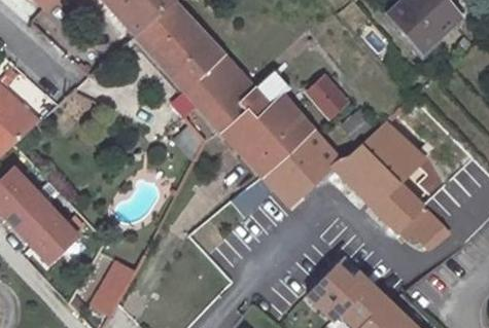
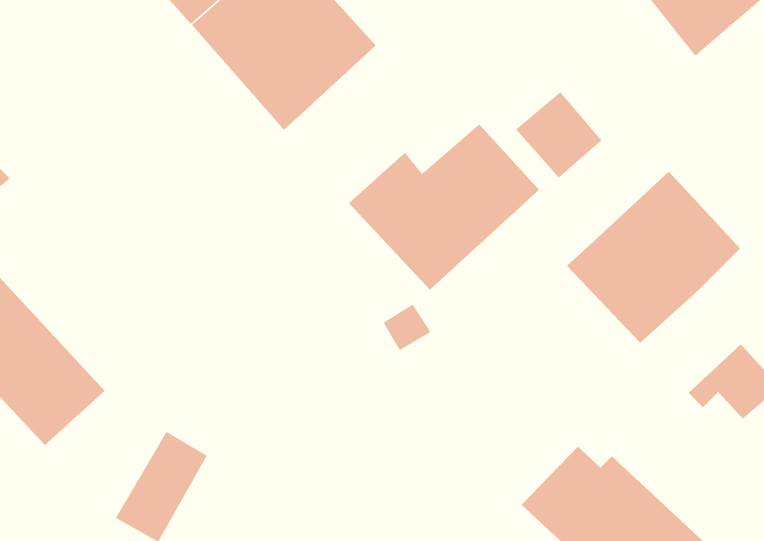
building: [181,49,268,135] -> none
building: [260,127,347,213] -> none
building: [375,183,429,238] -> none

